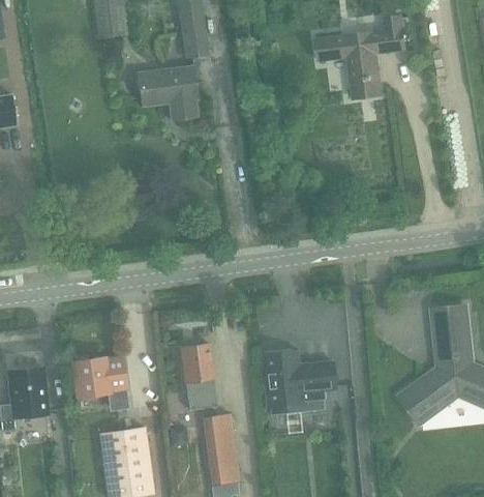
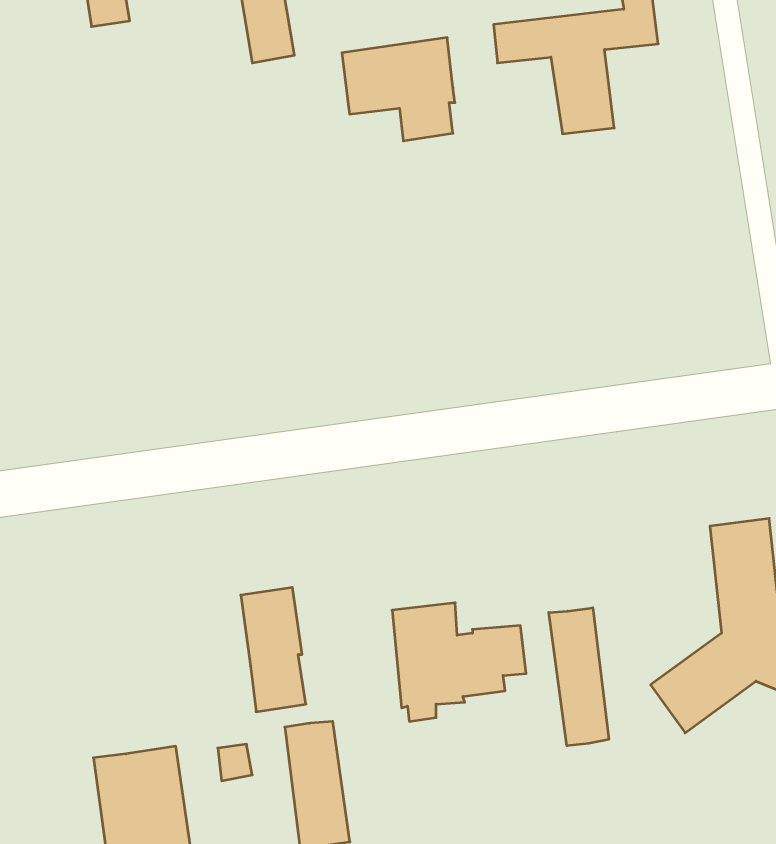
building: [138,65,199,121] -> [342,38,455,141]
building: none -> [549,608,609,746]
building: [72,356,127,411] -> none

